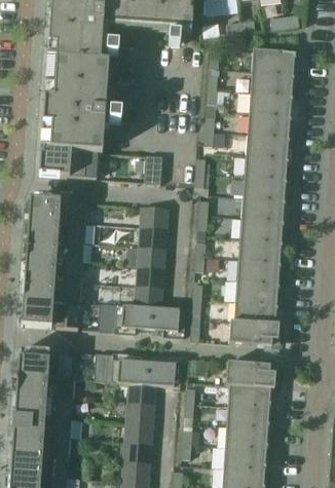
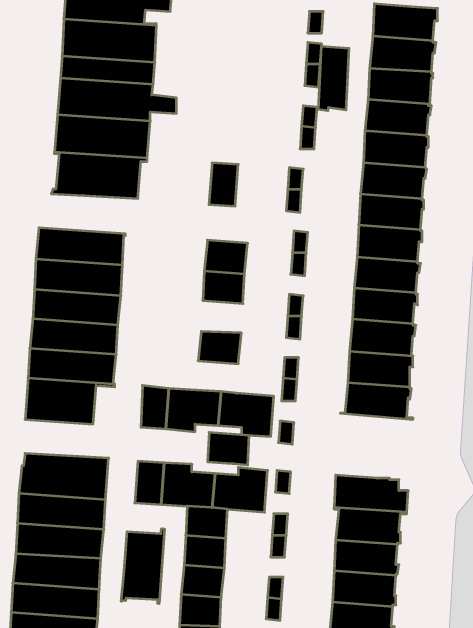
building: none -> [318,46,349,111]
building: [138,246,165,267] -> none
building: [135,286,162,307] -> [208,432,249,465]
building: [229,321,278,345] -> none
building: none -> [121,529,164,604]

